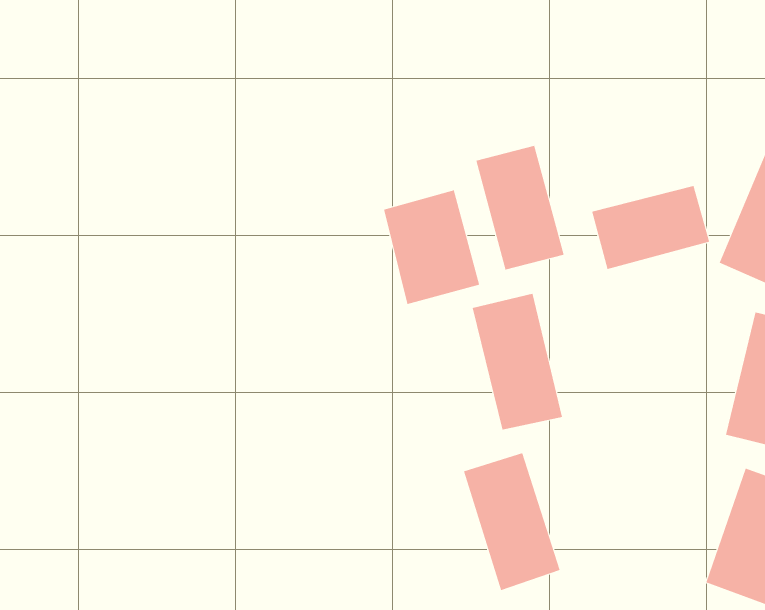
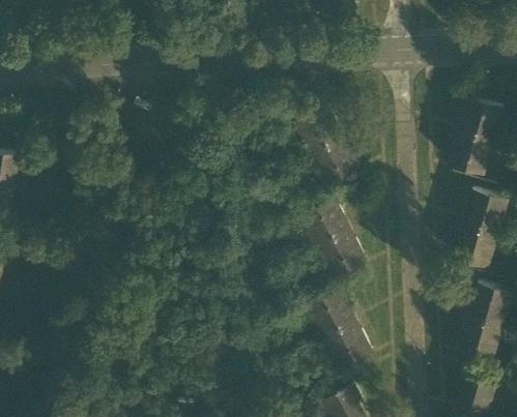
building: [591,185,710,270] -> none
building: [383,190,480,305] -> none

